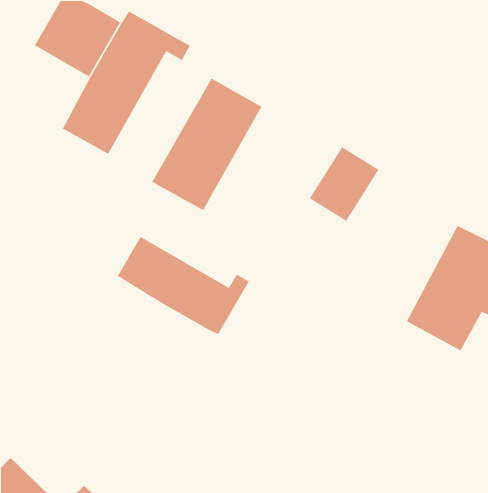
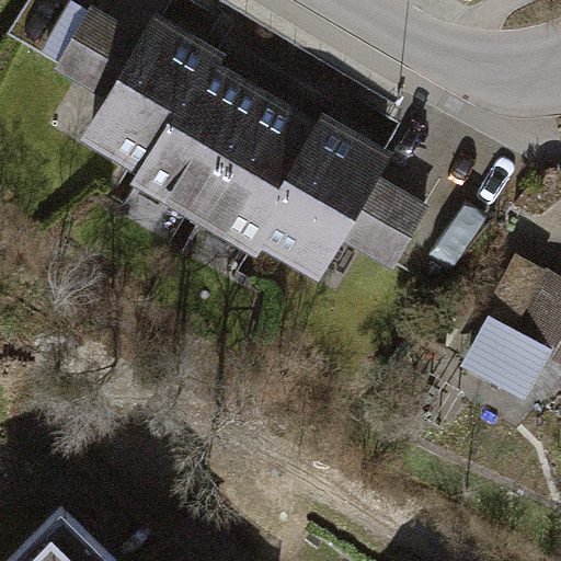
building: none -> [128,61,247,208]
building: none -> [238,115,383,283]
building: [117,236,250,335] -> none

